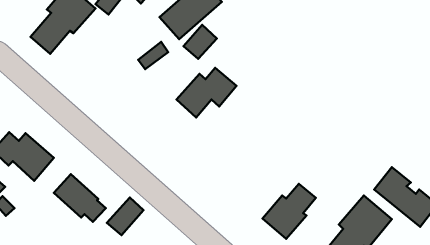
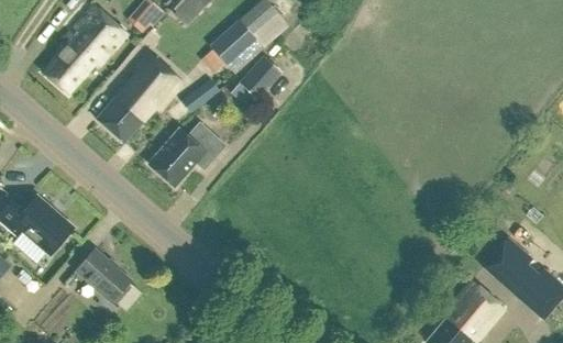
building: none -> [97,51,183,142]
building: [177,68,236,117] -> [148,121,225,185]
building: [263,184,316,239] -> none
building: [107,198,144,235] -> none

